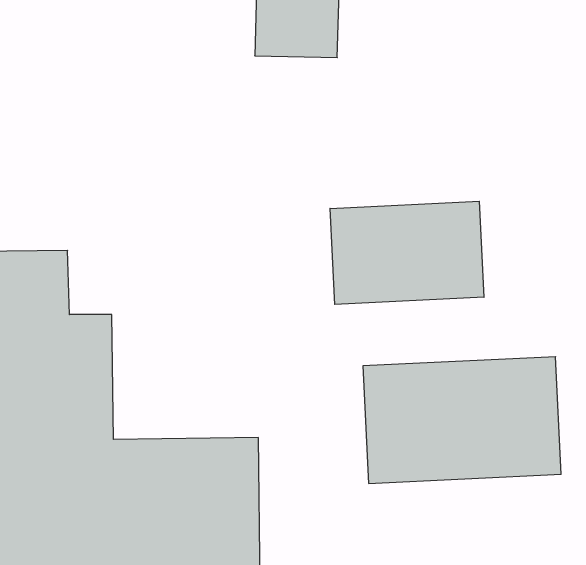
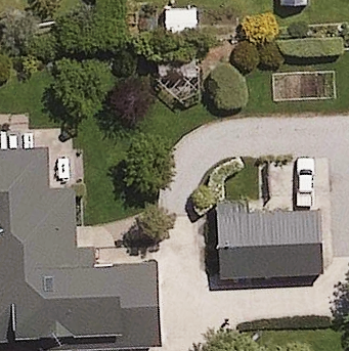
building: [330,201,484,304] -> none

